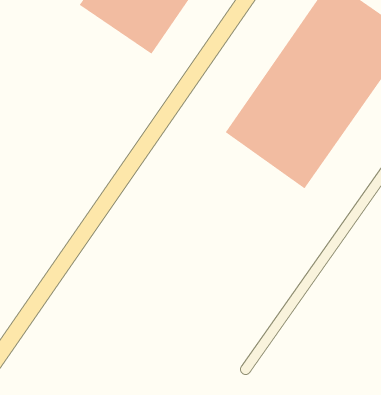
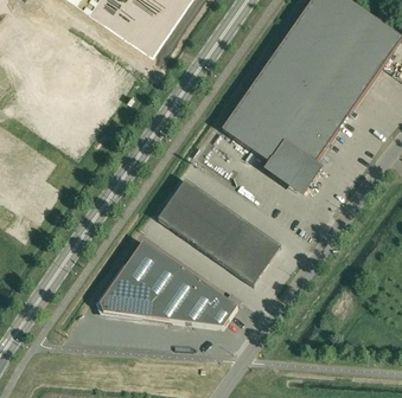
building: none -> [161,181,282,285]
building: none -> [98,239,237,326]

